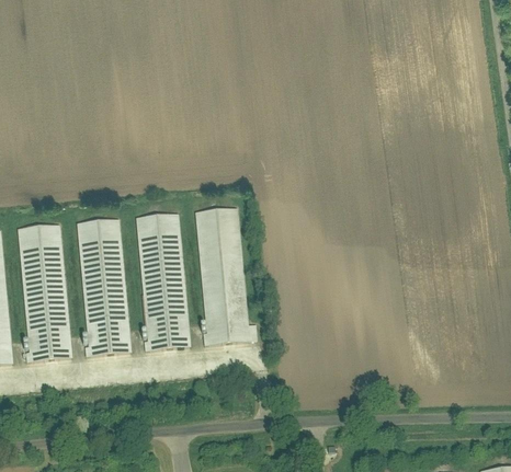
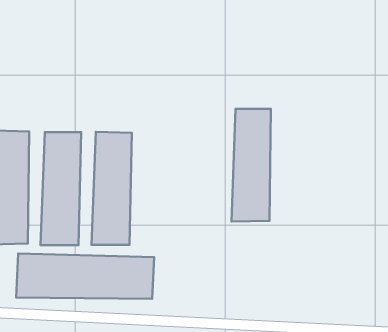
building: [195,207,249,345] -> [231,109,271,222]
building: none -> [16,254,154,299]

